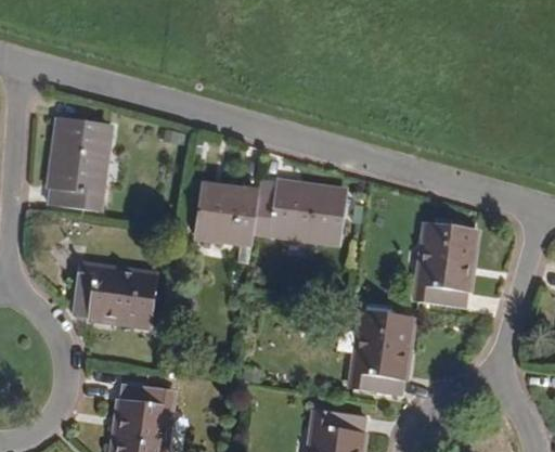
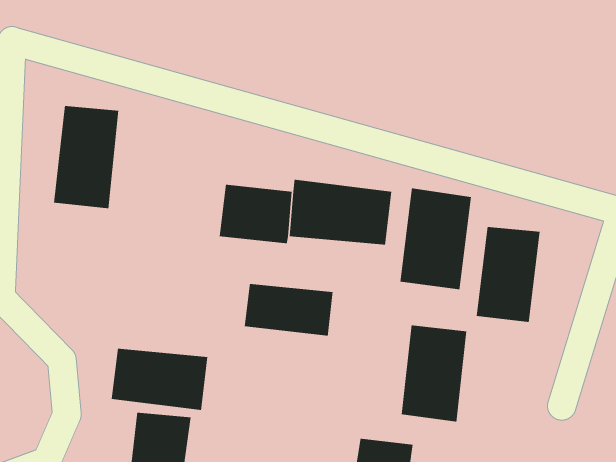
building: none -> [400,188,471,290]
building: [73,271,157,325] -> [111,348,208,410]
building: none -> [244,283,333,337]

